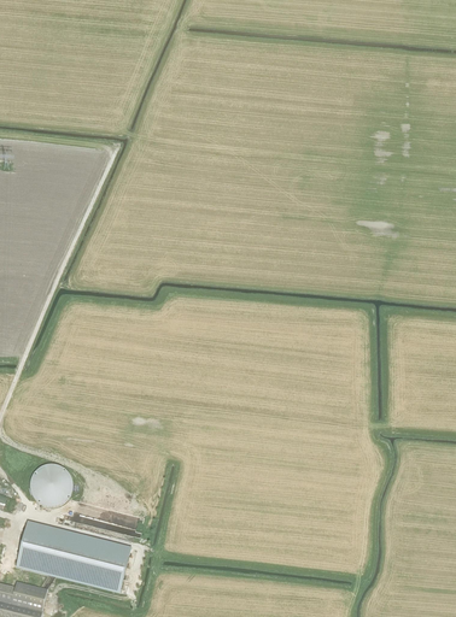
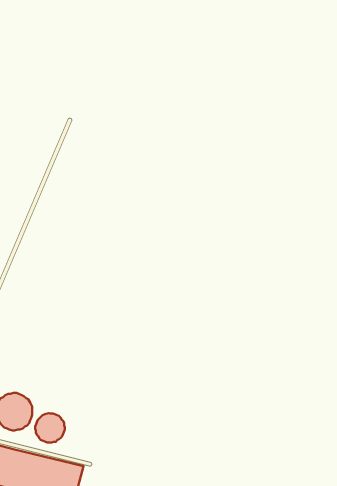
building: none -> [35,413,65,443]

